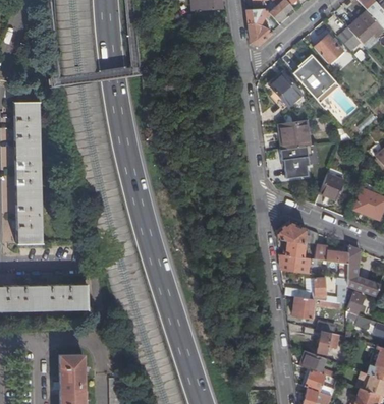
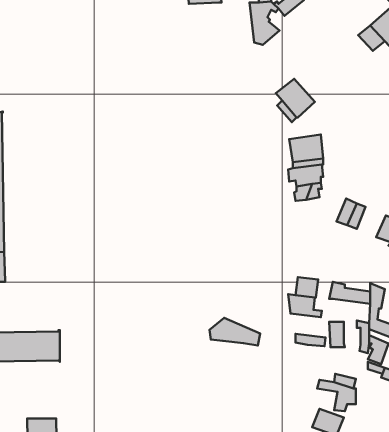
building: [314,35,343,64] -> none
building: [294,56,341,103] -> none
building: [276,221,319,244] -> [210,318,260,346]
building: [292,297,314,319] -> none

